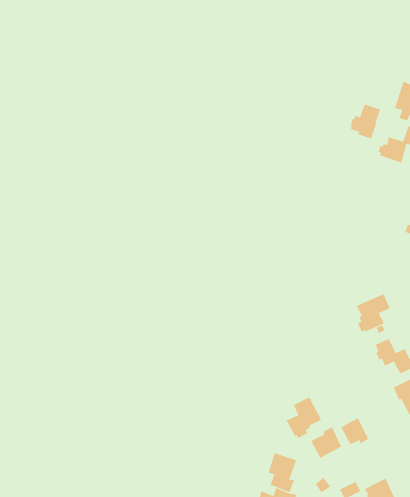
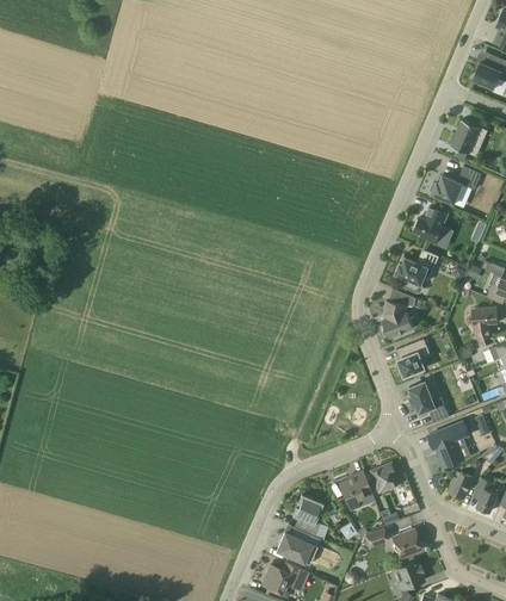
building: [350,104,381,139] -> [414,206,448,243]
building: none -> [396,250,438,291]
building: none -> [382,289,416,337]
building: [286,397,322,439] -> none

